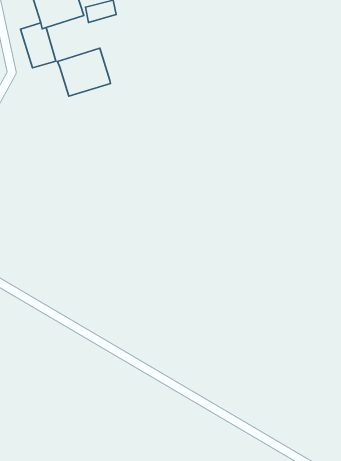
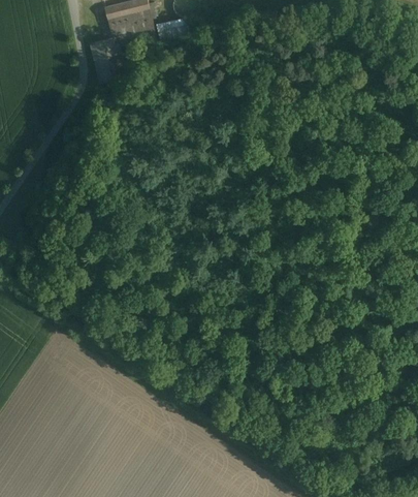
building: [58,48,110,96] -> none

